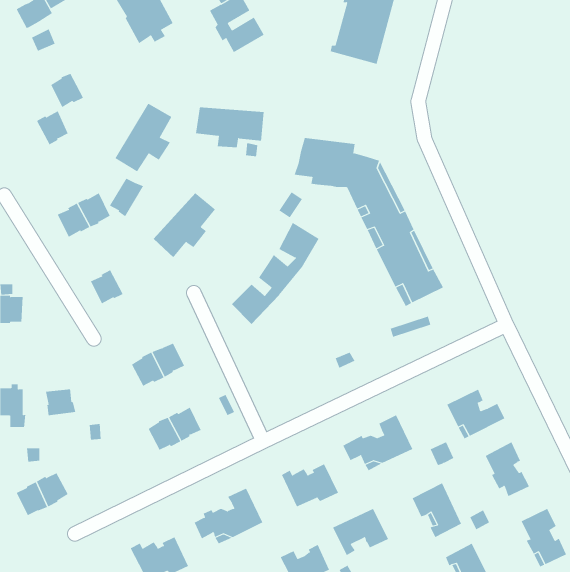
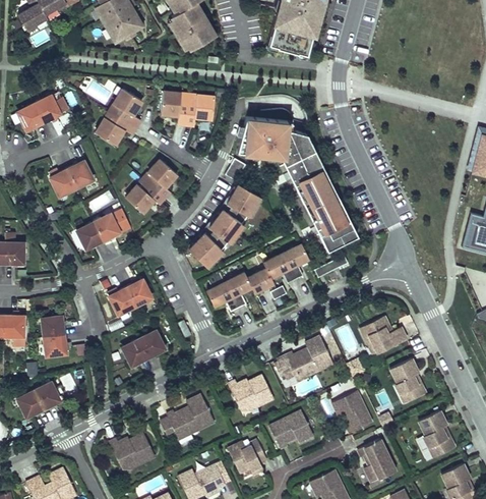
building: [50,73,84,108] -> [18,103,45,130]
building: [109,178,144,217] -> none
building: none -> [94,213,120,240]
building: none -> [206,244,309,311]
building: none -> [44,334,67,355]

